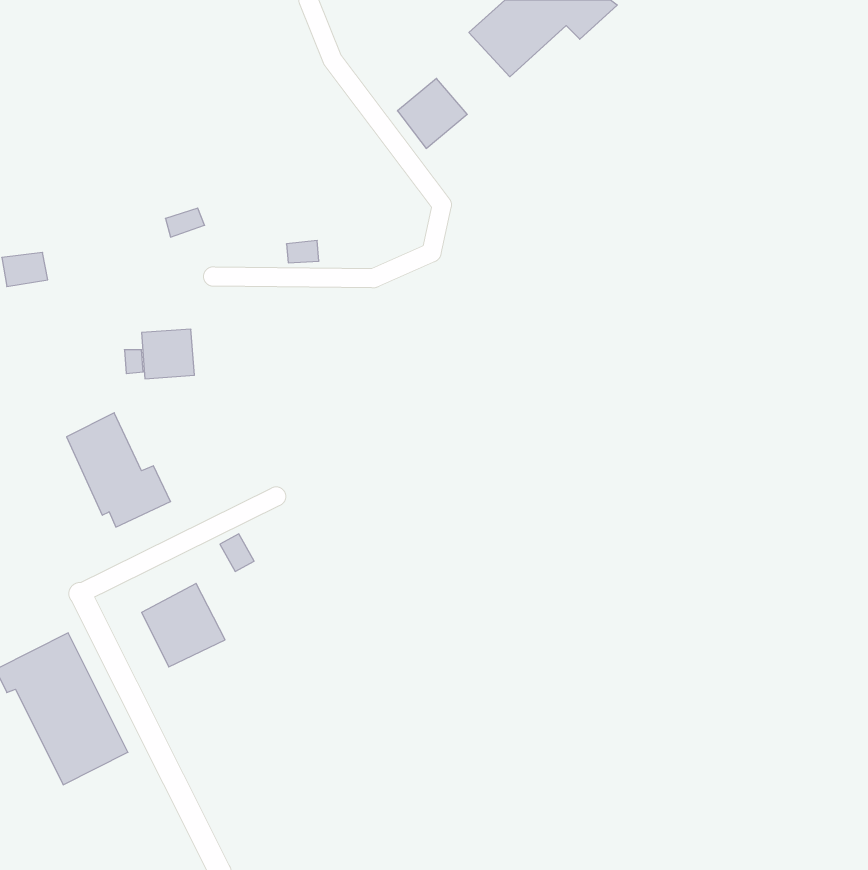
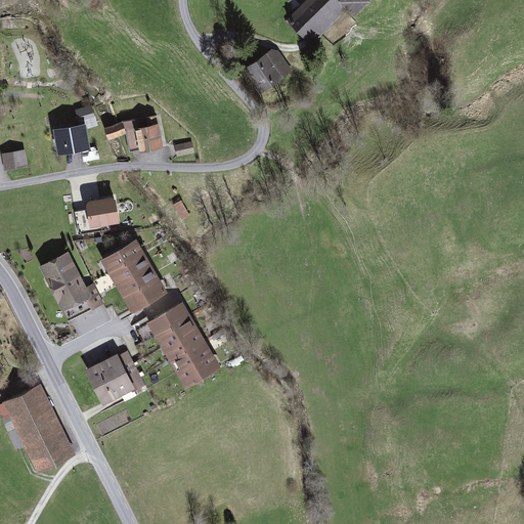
building: none -> [128,128,158,156]
building: none -> [48,129,85,157]
building: none -> [100,237,168,311]
building: none -> [147,301,223,388]

